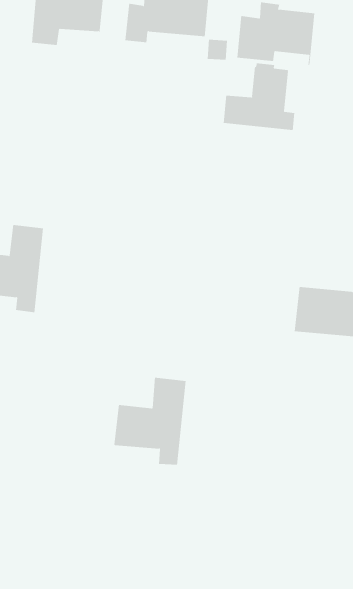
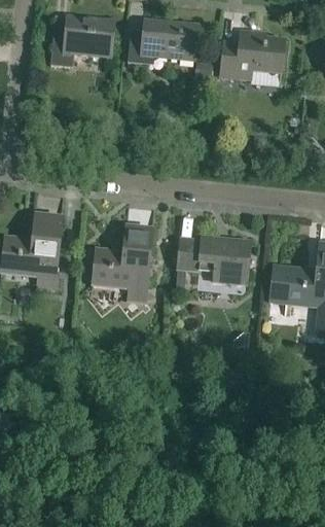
building: [223,63,300,131] -> none
building: none -> [175,237,258,290]
building: [112,377,187,465] -> [91,226,152,300]

